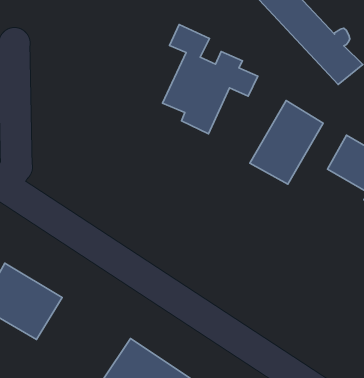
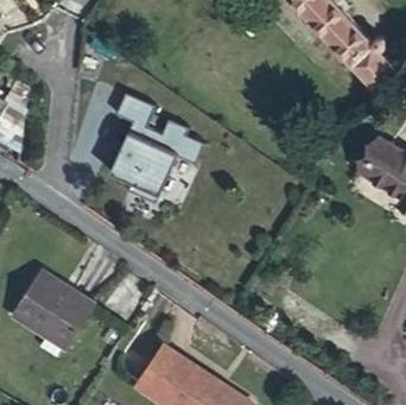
building: [163,24,258,134] -> [113,95,209,205]
building: [250,101,323,184] -> none

